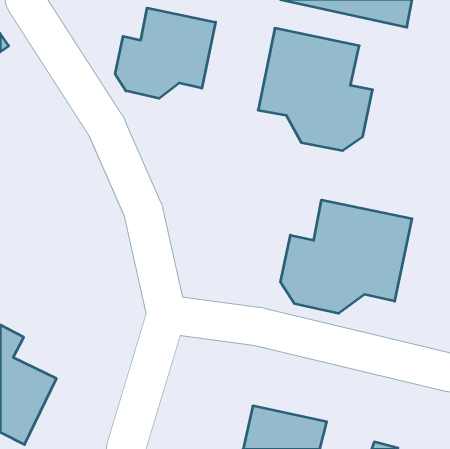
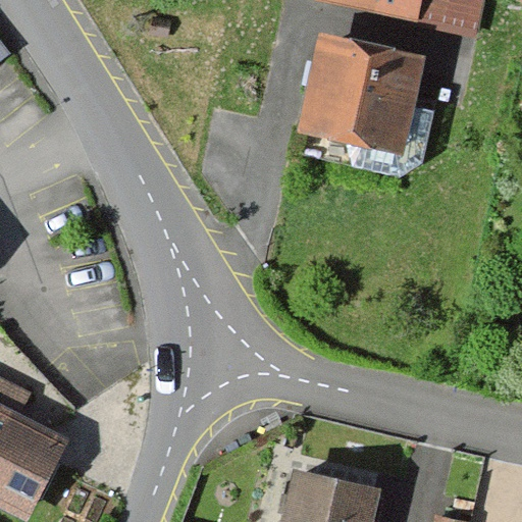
building: [115,8,216,98] -> none
building: [281,200,412,313] -> none

